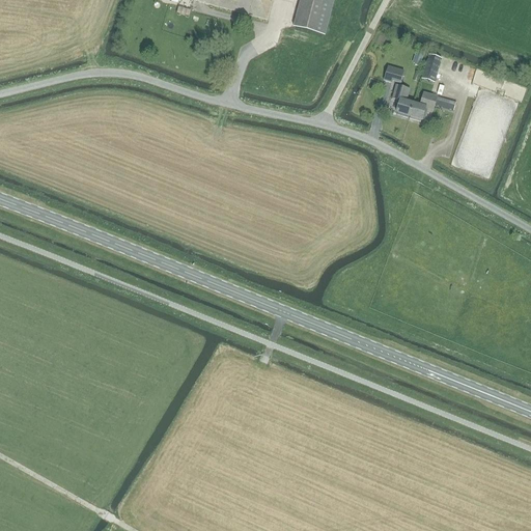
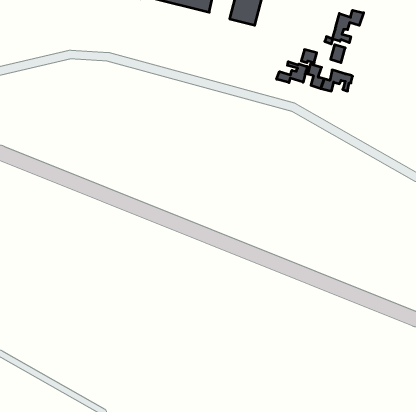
building: none -> [333,10,364,43]
building: none -> [277,62,307,83]

